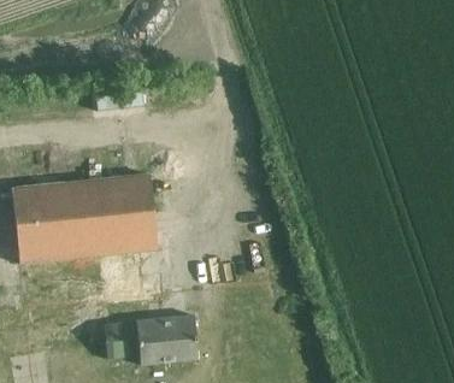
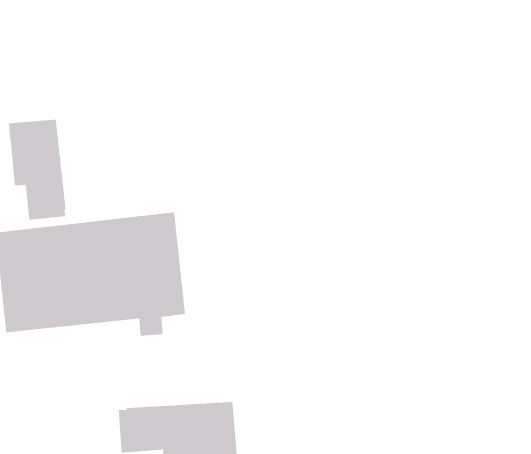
building: none -> [8,119,66,221]

